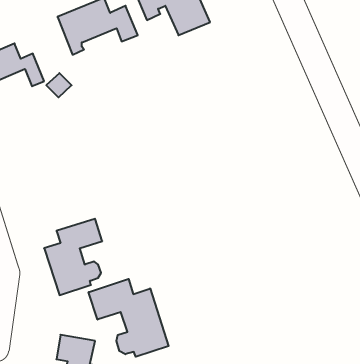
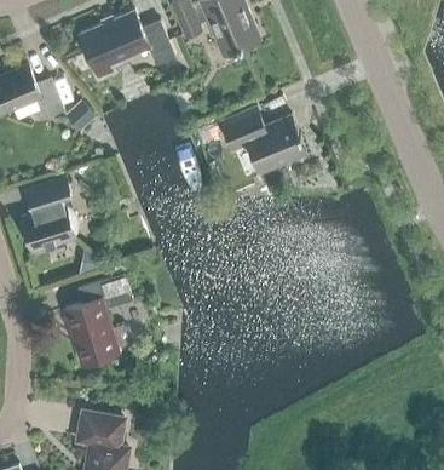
building: none -> [220,108,306,171]
building: none -> [21,178,77,253]
building: [89,279,169,357] -> none

